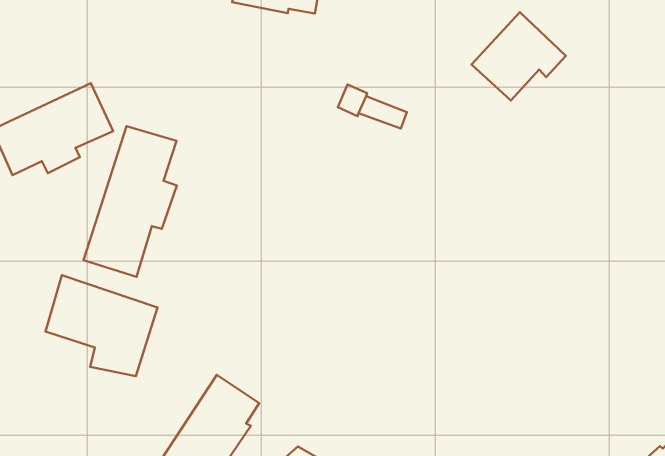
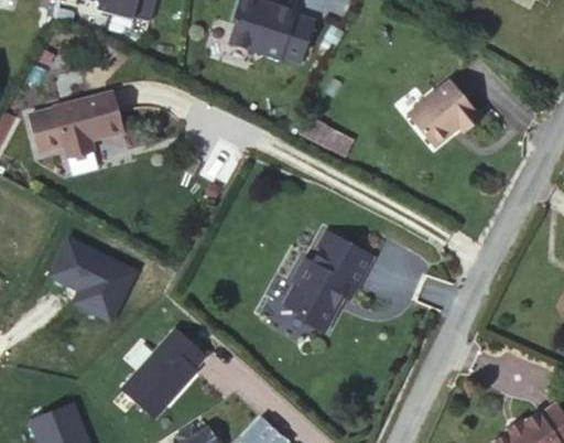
building: [84,126,177,277] -> none
building: none -> [286,233,373,331]

